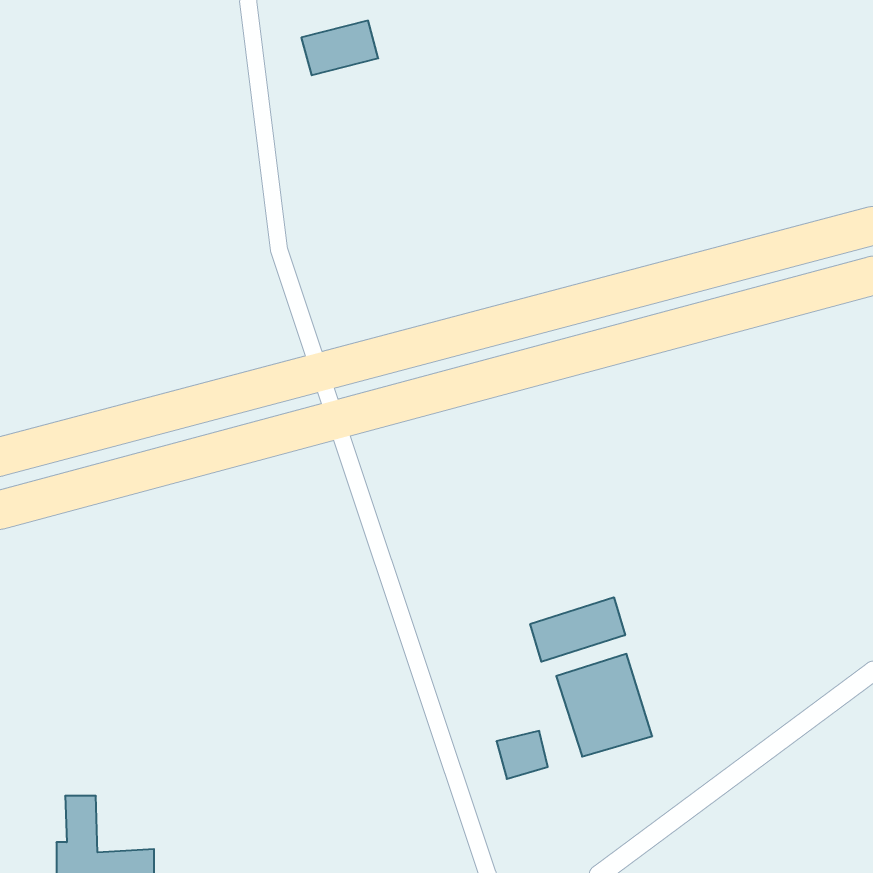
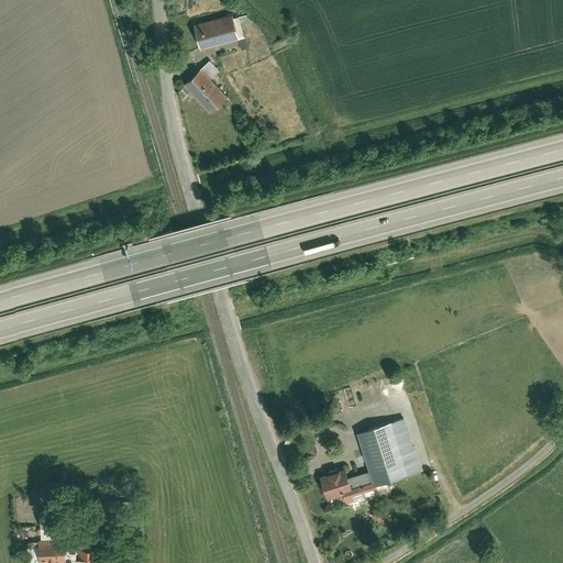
building: none -> [183,59,228,115]
building: [530,597,625,662] -> none

